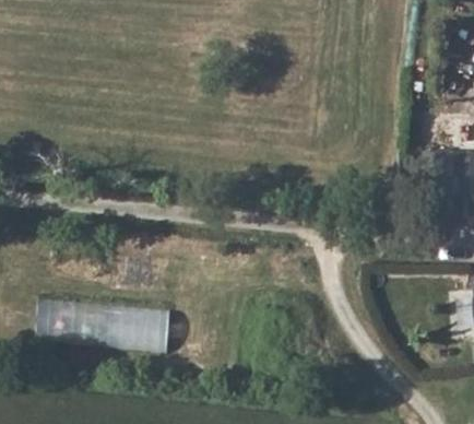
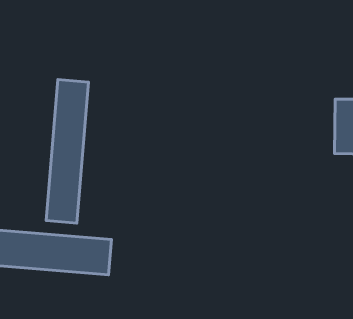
building: none -> [46,80,89,223]

